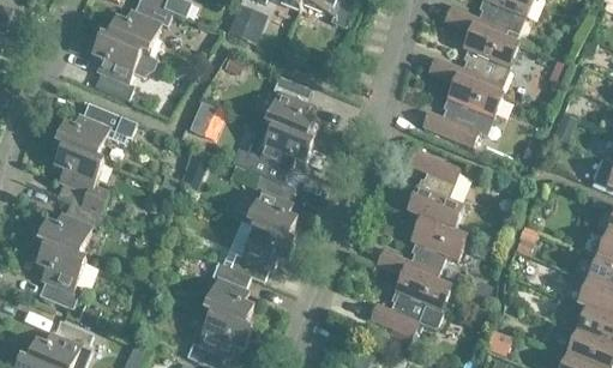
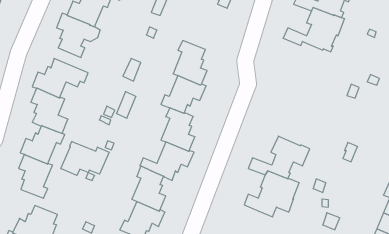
building: [421,76,503,146] -> none
building: [405,147,463,230] -> none
building: none -> [61,141,109,175]

